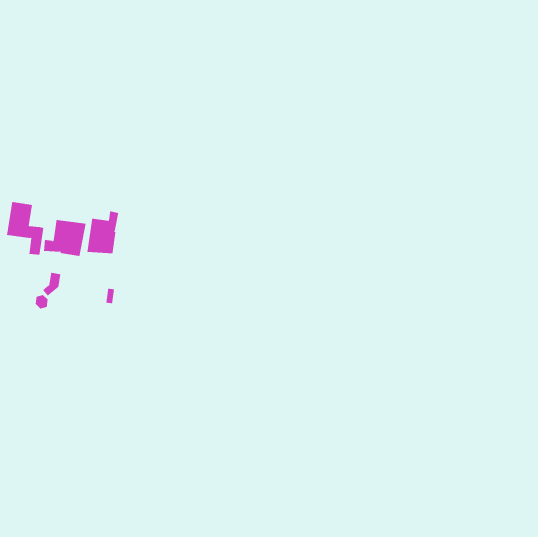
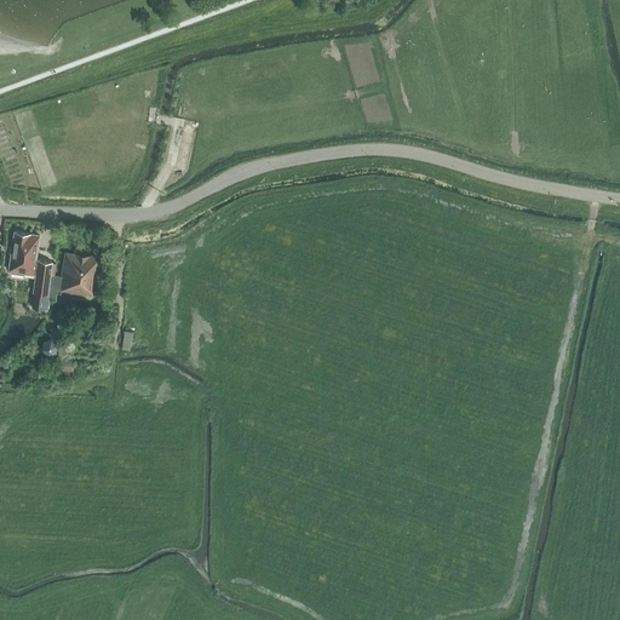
building: [87,211,119,254] -> none

